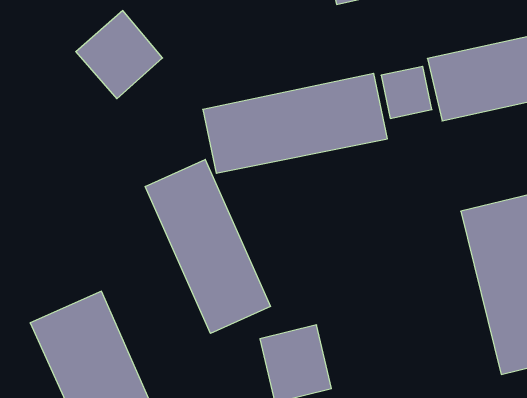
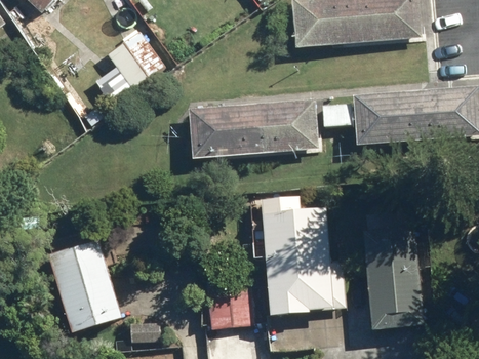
building: [145,159,271,333] -> none
building: none -> [258,201,336,315]

